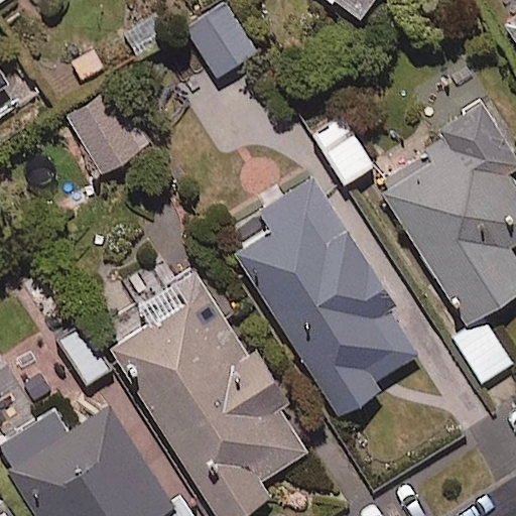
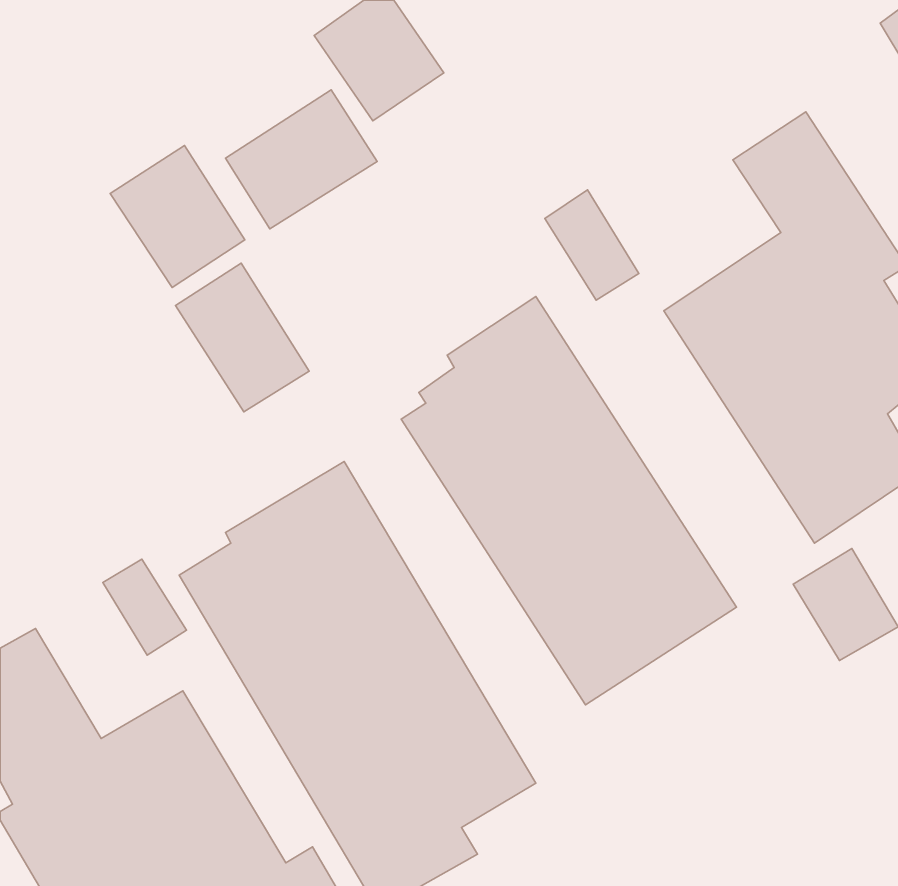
building: none -> [226,90,377,229]
building: none -> [176,263,309,412]

